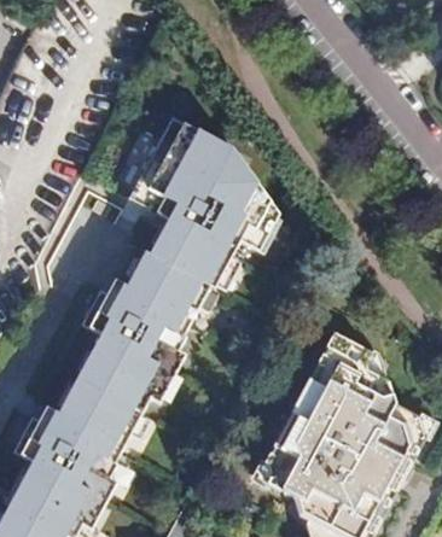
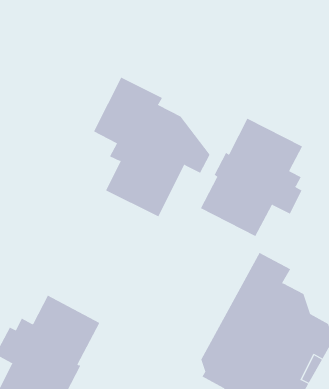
building: none -> [200,118,303,237]
building: [80,250,210,413] -> none

